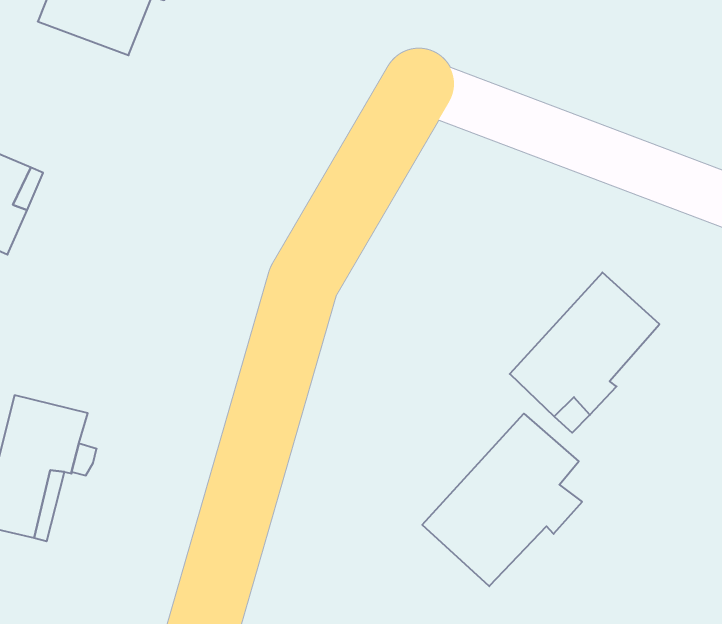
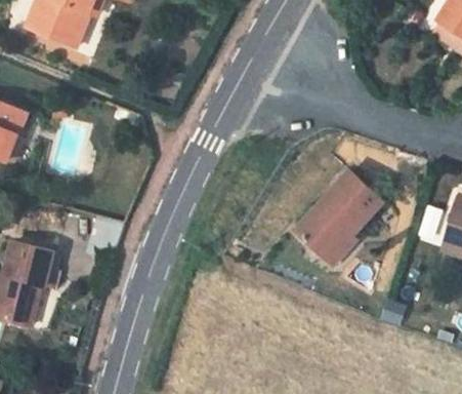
building: [422,414,582,586] -> none

